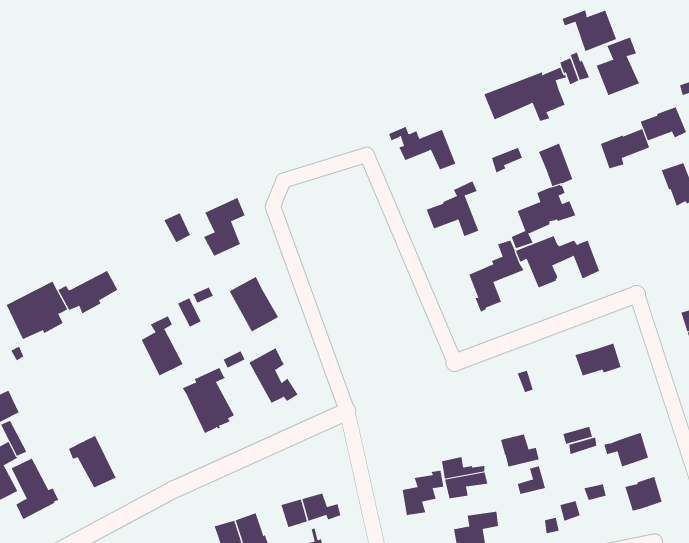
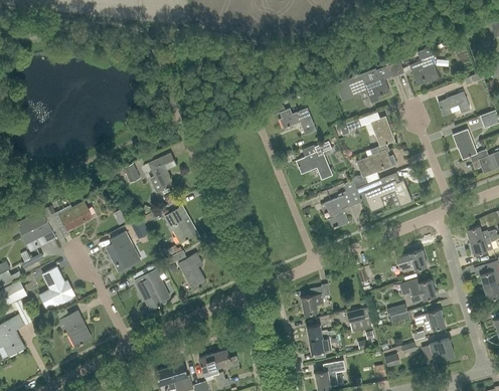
building: [562,10,617,52] -> none
building: [600,128,650,169] -> none
building: none -> [399,278,436,302]
building: [11,458,59,520] -> [43,266,75,308]
building: [402,470,444,516] -> [302,284,330,315]

